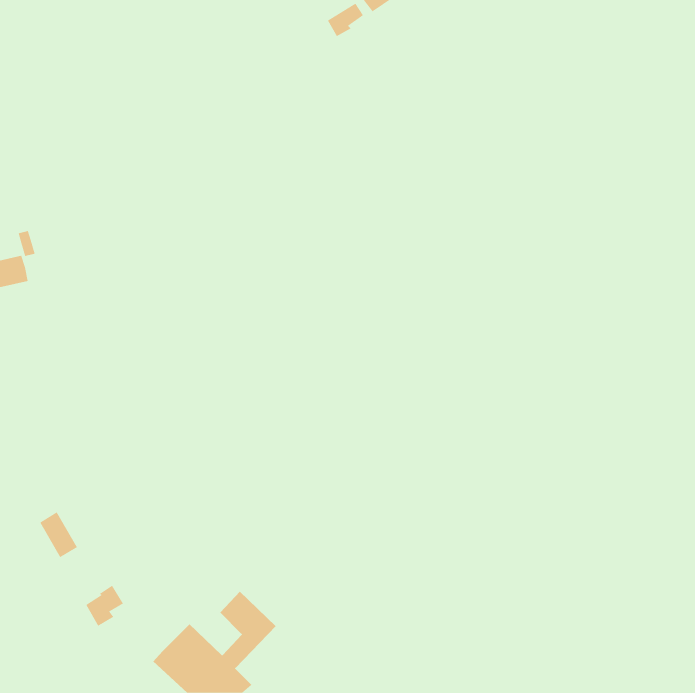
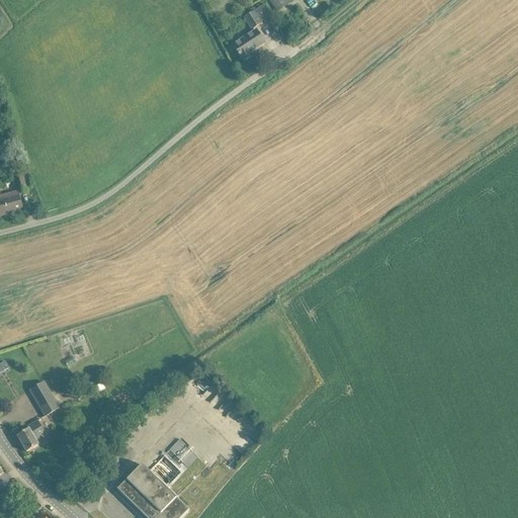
building: none -> [232,27,264,60]
building: [86,586,124,627] -> [16,419,45,449]

